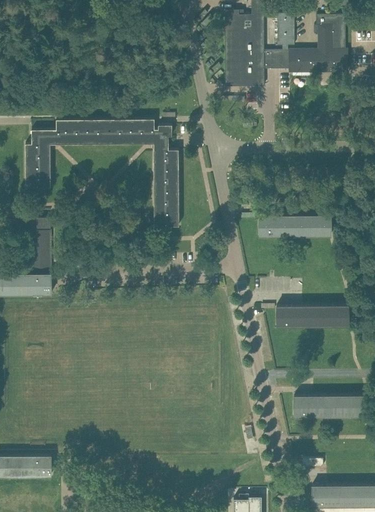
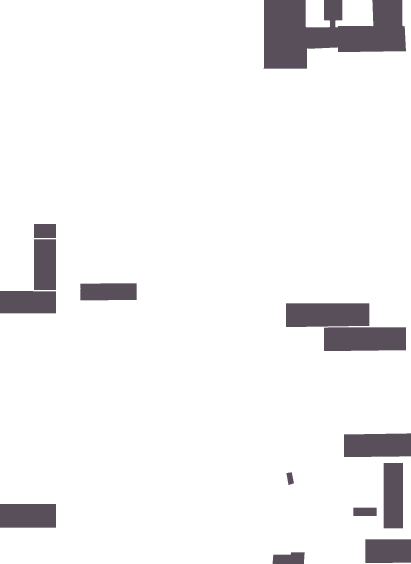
building: [26,119,179,227] -> none
building: [259,216,331,237] -> [285,303,370,327]
building: none -> [80,282,137,301]
building: none -> [383,462,403,529]

